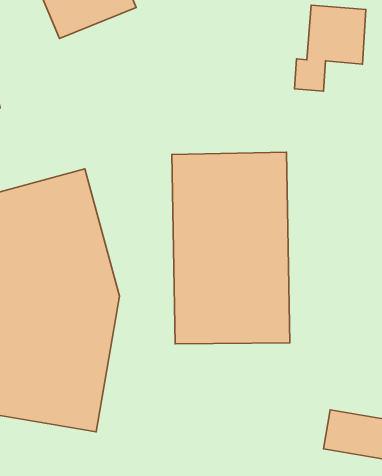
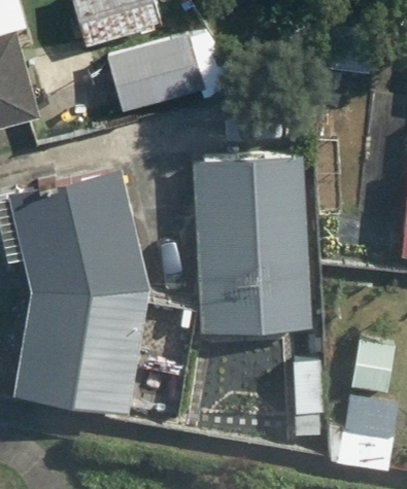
building: none -> [105,30,246,117]

